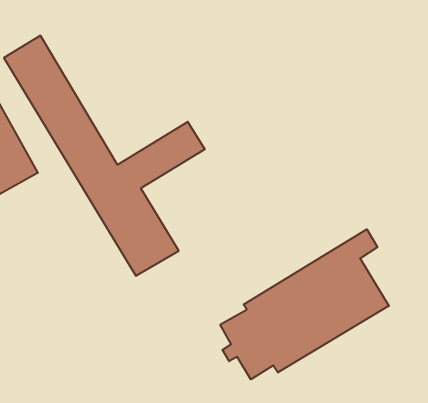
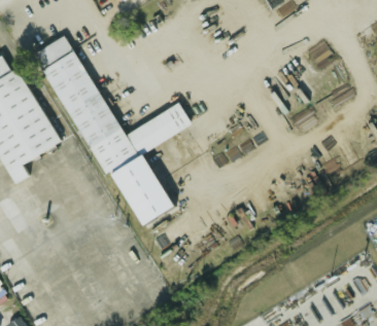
building: [220,229,389,379] -> none

